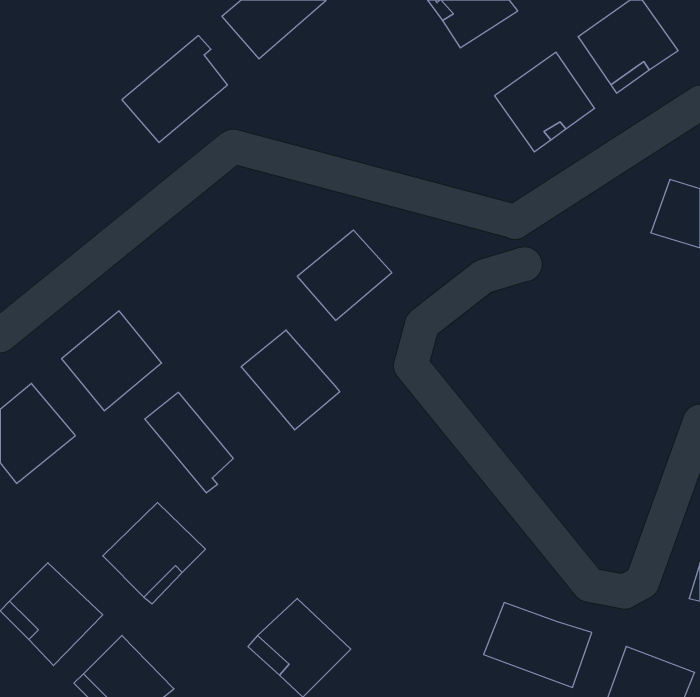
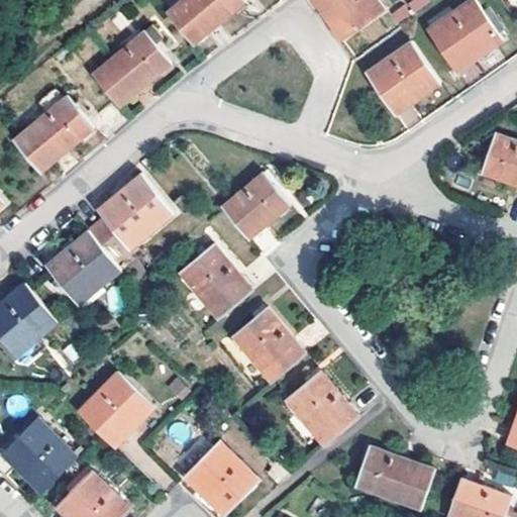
building: none -> [11,97,92,173]
building: none -> [99,177,172,249]
building: [145,392,233,493] -> none
building: none -> [232,308,305,383]
building: none -> [285,372,358,447]

